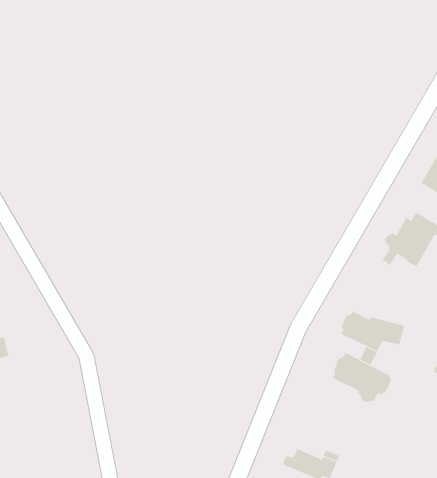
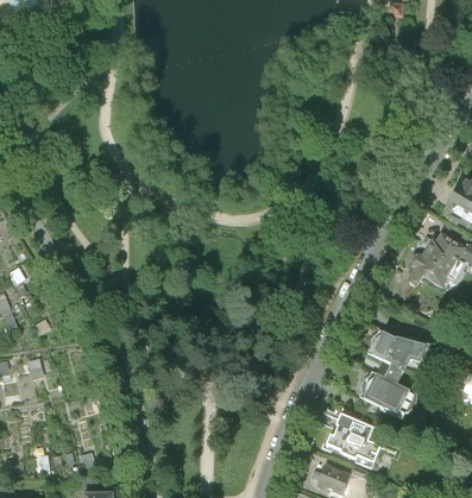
building: none -> [327,415,380,462]

